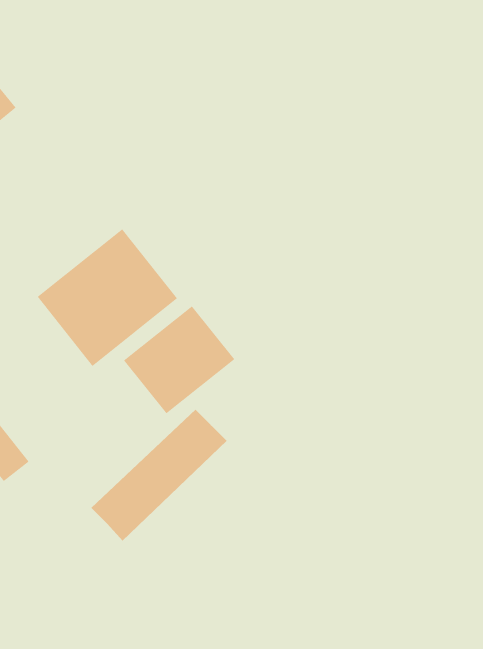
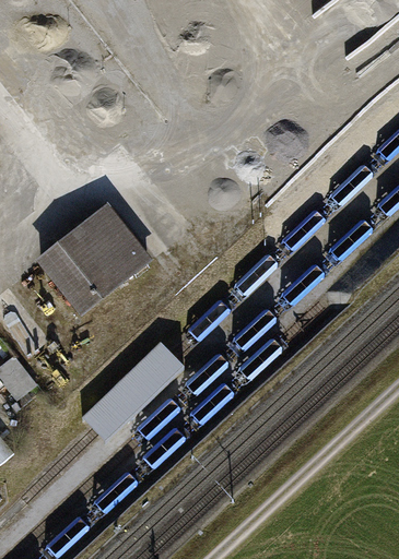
building: [123,305,235,414] -> none

